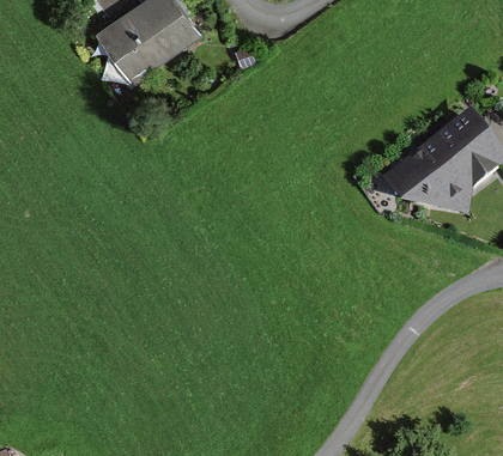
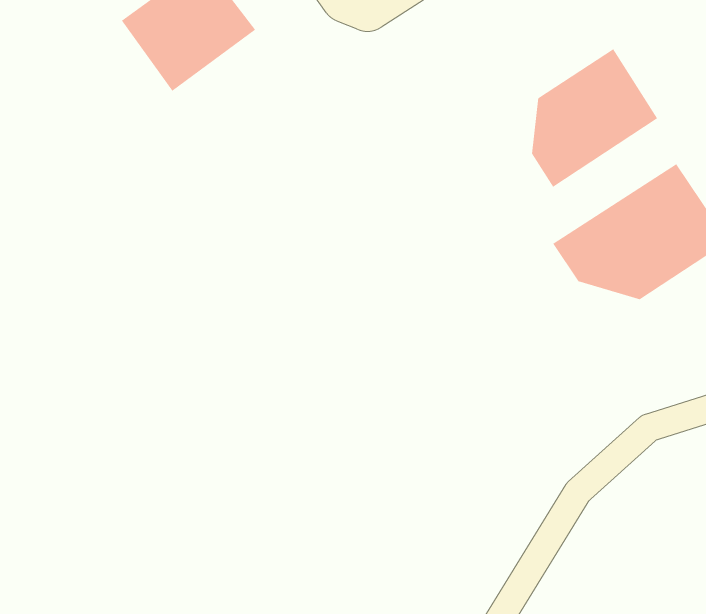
building: none -> [531,48,658,188]

